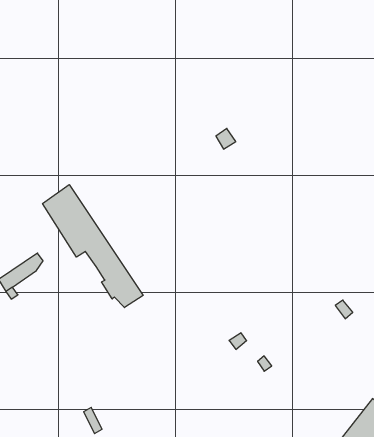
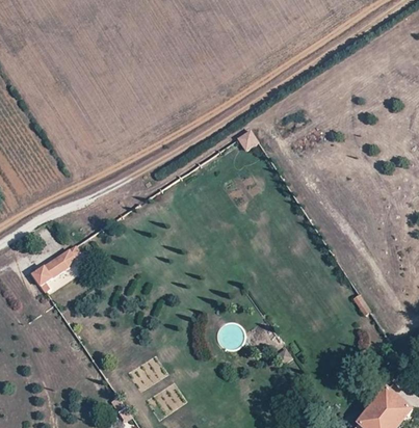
building: [43,185,143,308] -> none

